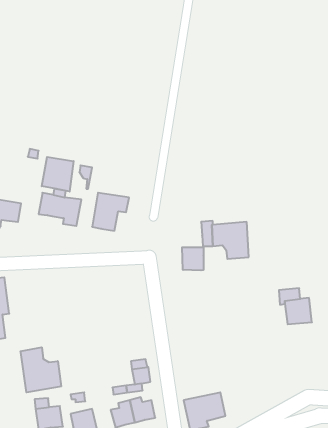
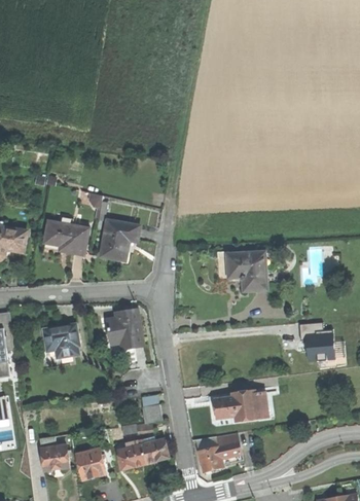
building: [42,157,74,192] -> none
building: [182,247,203,270] -> none
building: none -> [105,310,142,349]
building: none -> [43,326,77,358]
building: [20,347,61,392] -> none
building: none -> [213,391,267,421]

